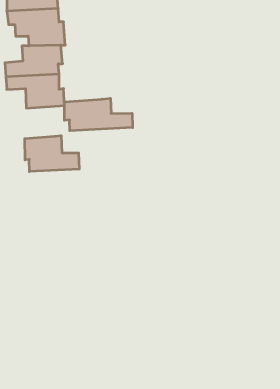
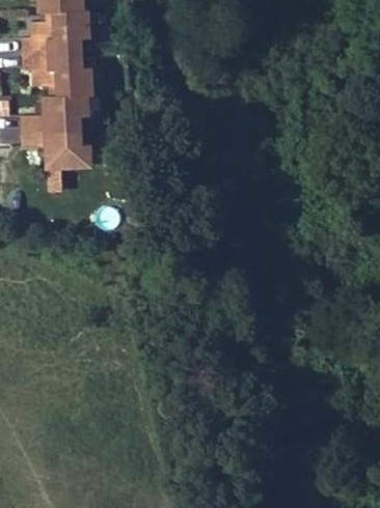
building: [64,98,133,131] -> none
building: [25,136,79,172] -> none

